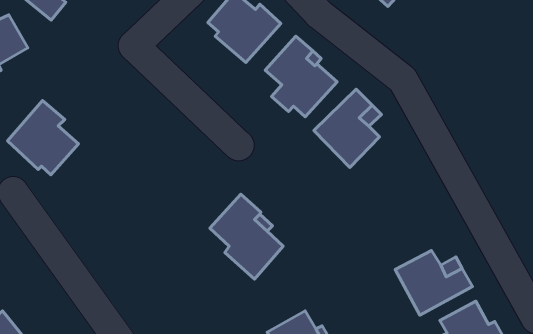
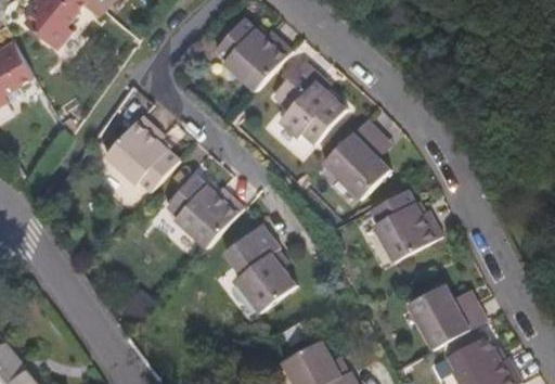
building: [7,100,78,175] -> [103,118,176,194]
building: none -> [167,176,243,247]
building: none -> [375,185,447,259]

